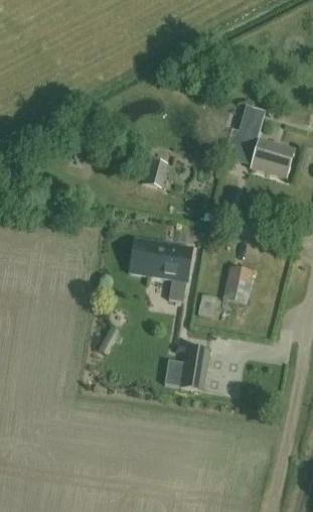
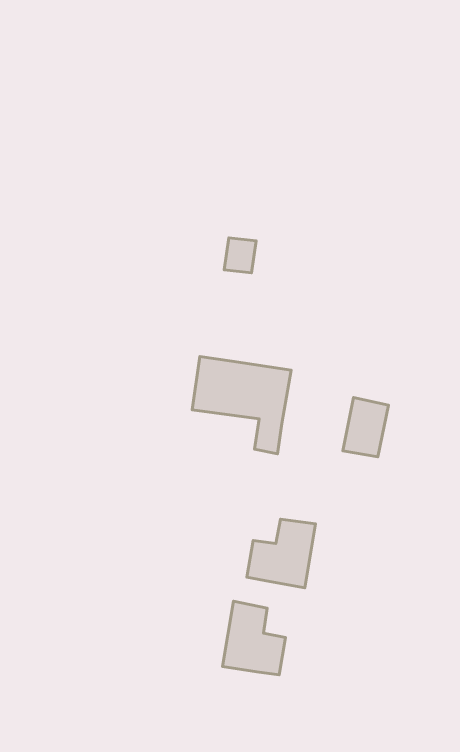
building: [223,104,298,176] -> none
building: none -> [222,601,285,675]

